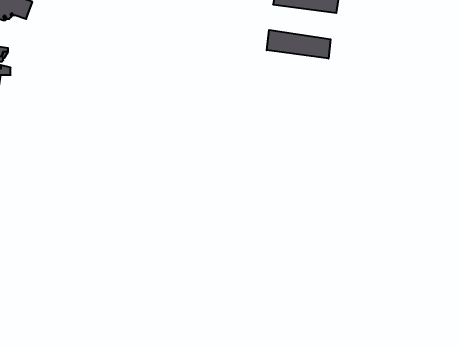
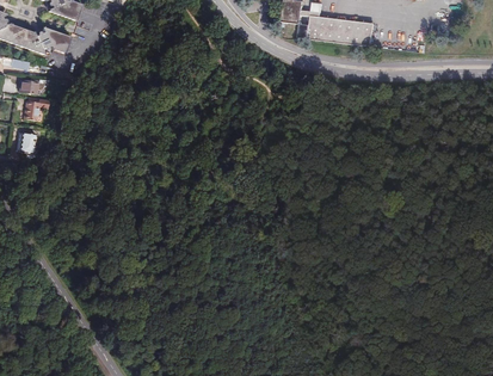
building: [267,30,331,59] -> none

